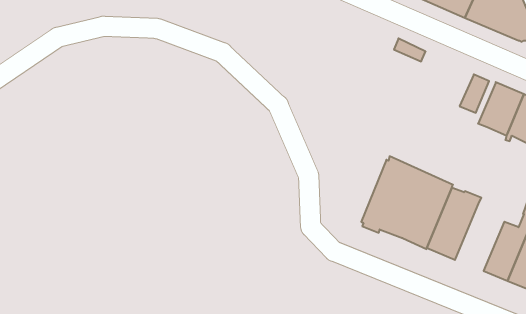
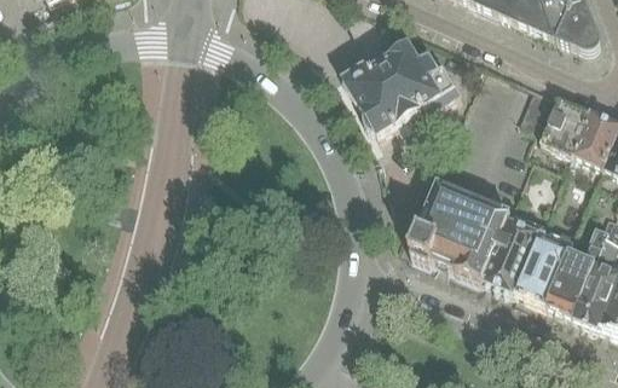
building: none -> [341,45,460,134]
building: none -> [512,227,571,306]

